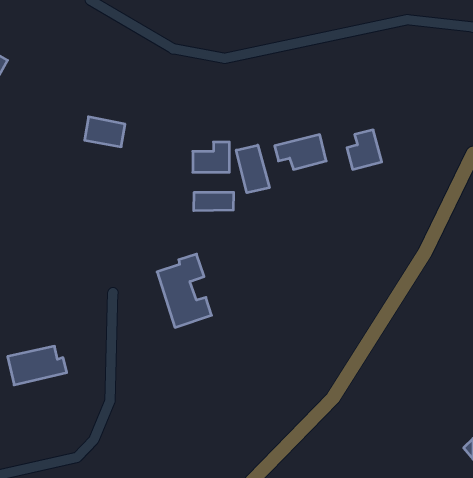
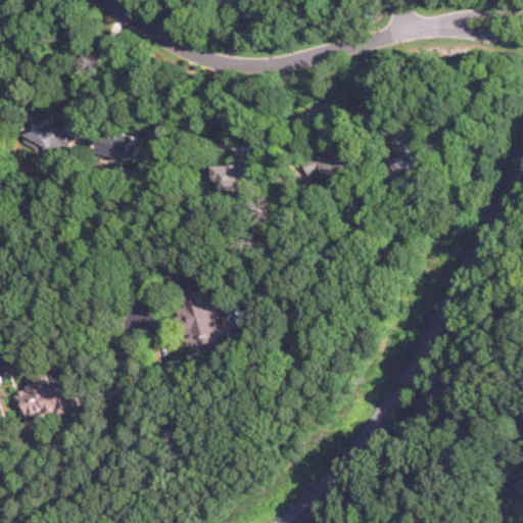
building: none -> [16,114,72,161]
building: [236,145,269,193] -> none
building: [194,192,234,211] -> none

